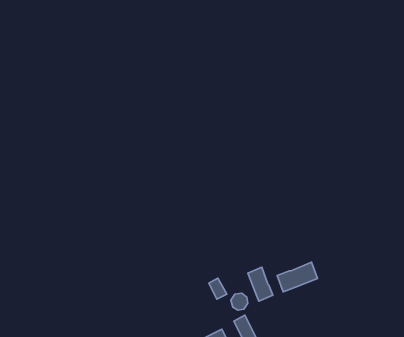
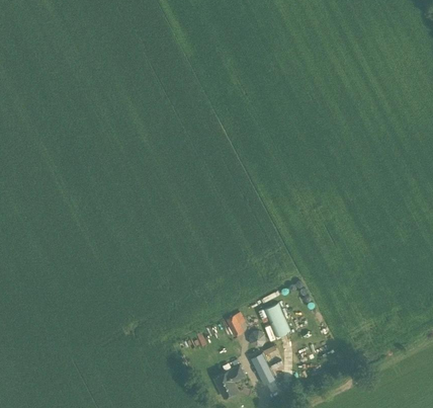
building: [277,262,317,292] -> none

